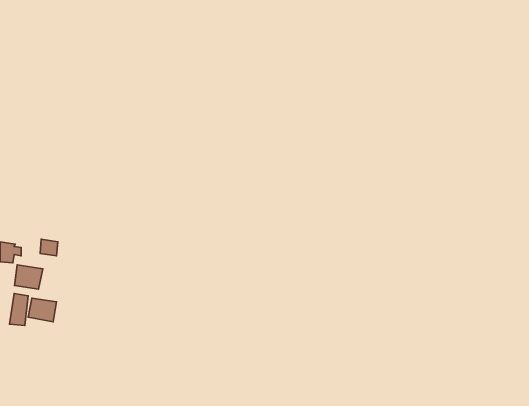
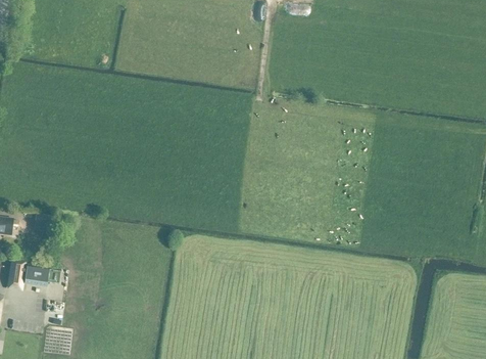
building: [14,265,43,289] -> none

